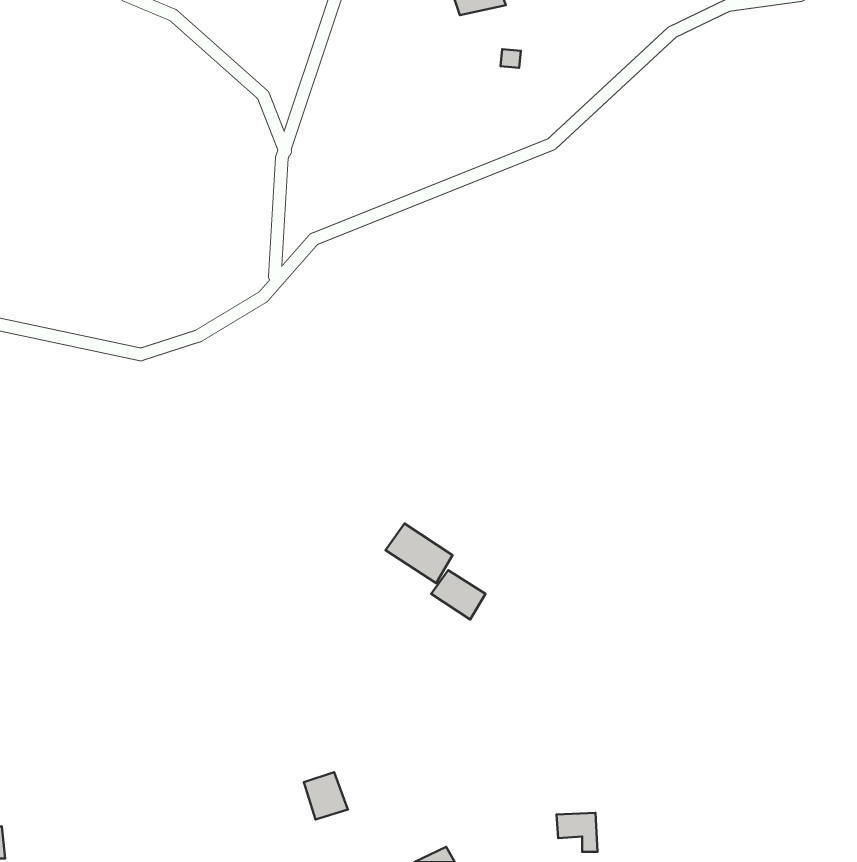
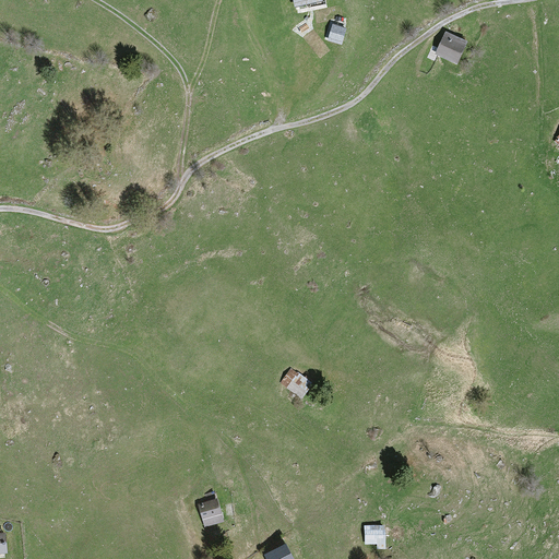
building: none -> [435,31,468,64]
building: [385,523,452,583] -> none

